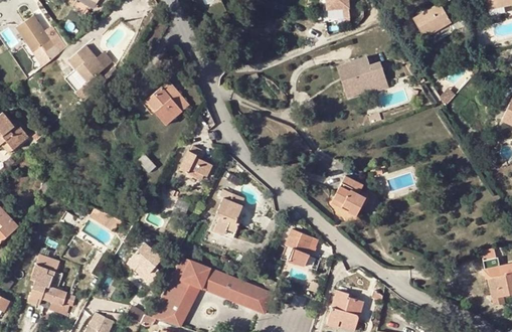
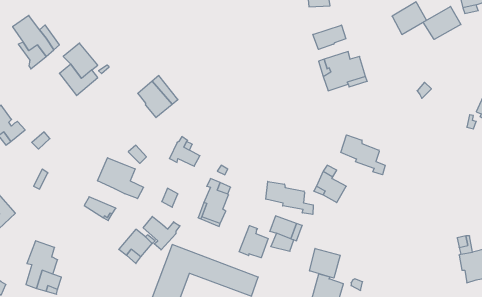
building: none -> [423,6,461,39]
building: none -> [313,25,346,49]
building: none -> [341,135,385,175]
building: none -> [98,158,144,199]
building: none -> [266,181,313,214]
building: none -> [143,216,180,250]
building: none -> [239,226,268,258]
building: none -> [310,248,340,278]

